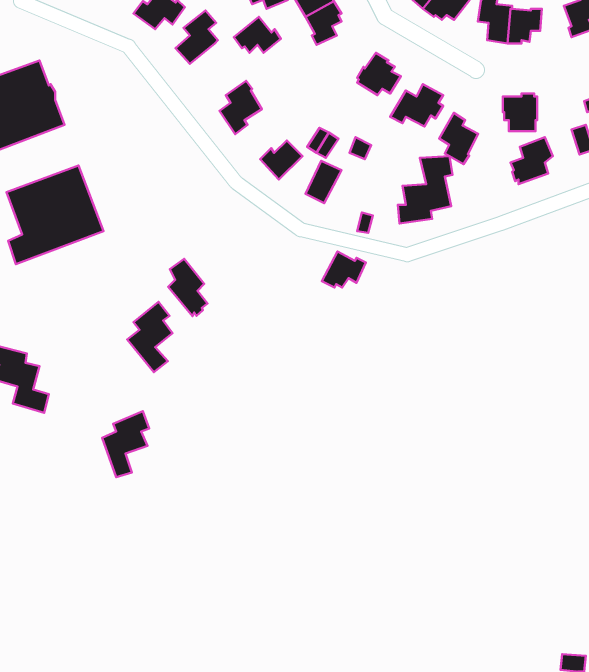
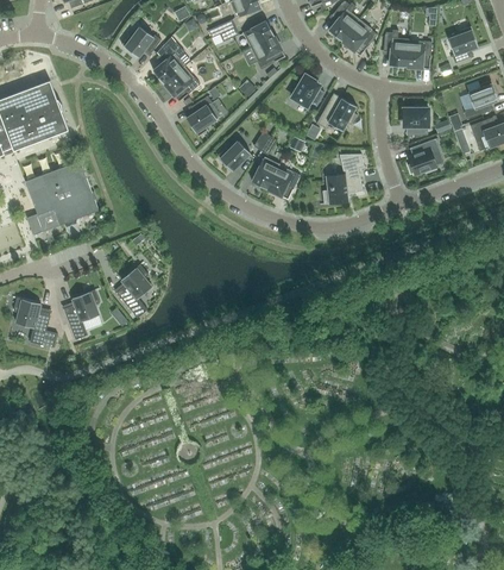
building: [234,17,281,53] -> [164,68,200,95]
building: [439,113,478,164] -> none
building: [322,251,366,287] -> [266,167,300,194]
building: [168,259,208,316] -> none
building: [102,411,149,477] -> [64,289,100,339]

